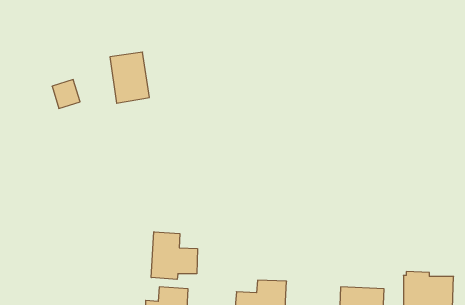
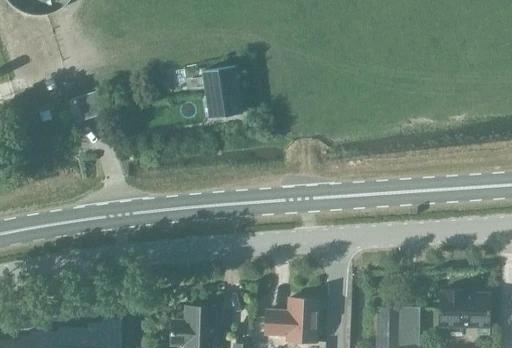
building: [110,52,149,103] -> [202,67,243,120]
building: [151,232,197,279] -> none

